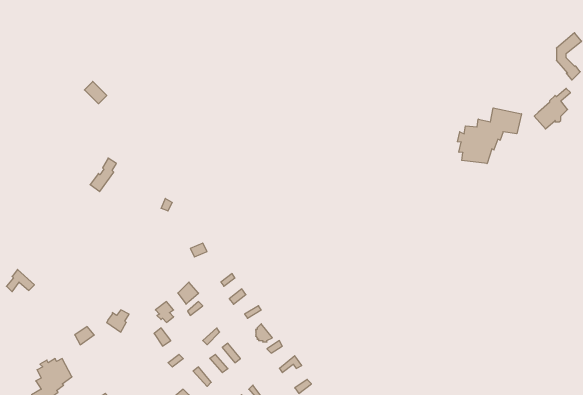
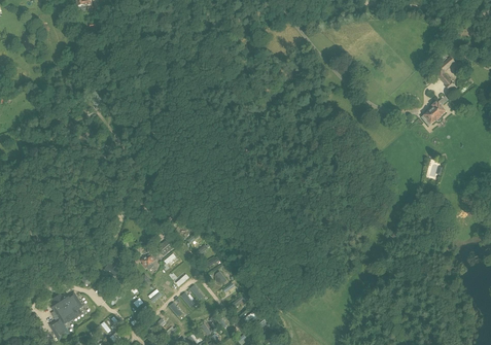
building: [457,108,521,164] -> none

